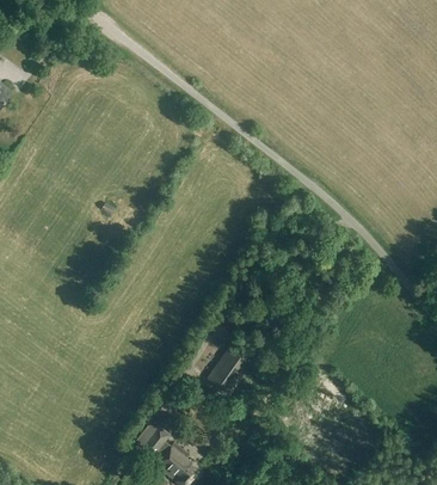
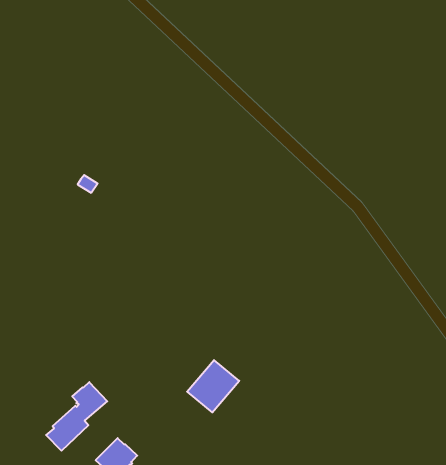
building: none -> [46,382,107,451]

